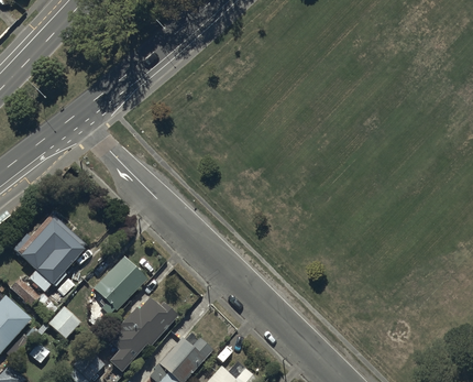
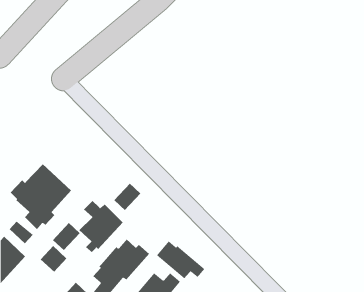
building: none -> [114,183,141,211]
building: none -> [52,222,80,251]
building: none -> [156,240,205,279]

